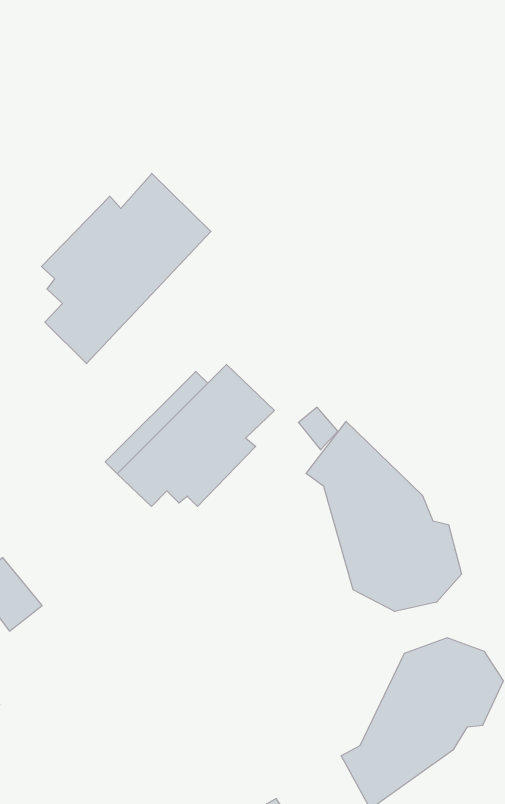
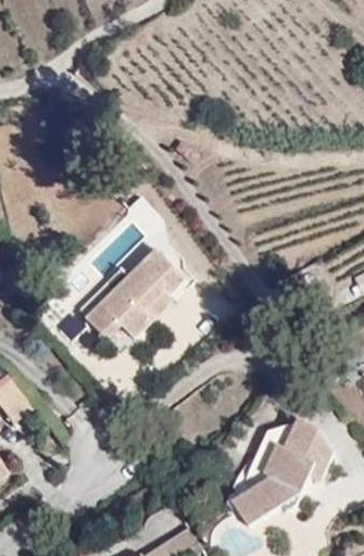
building: [42,173,211,364] -> none
building: [306,421,462,612] -> none

